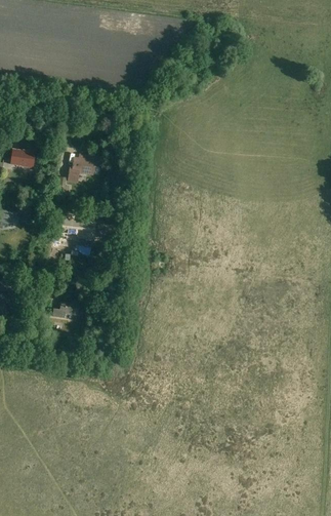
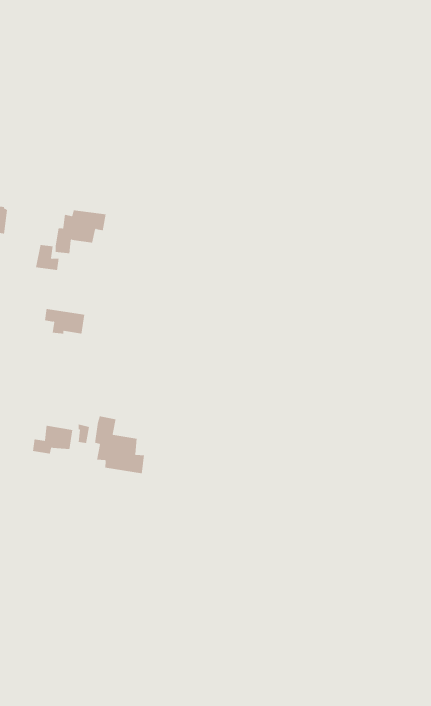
building: none -> [95,415,144,474]

